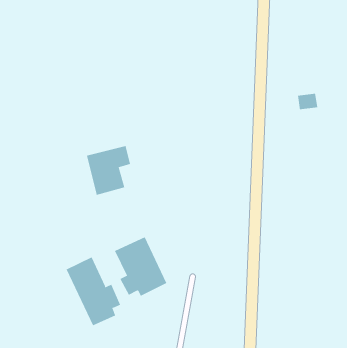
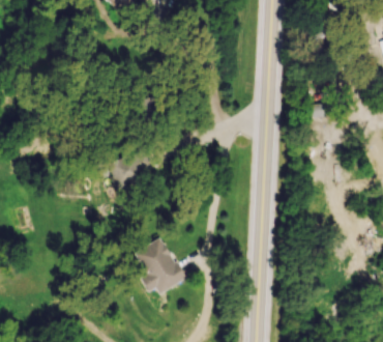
building: [66,256,121,326] -> none

